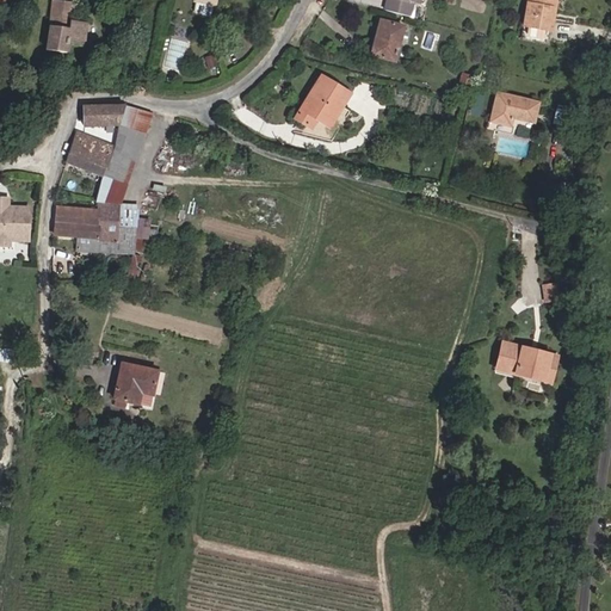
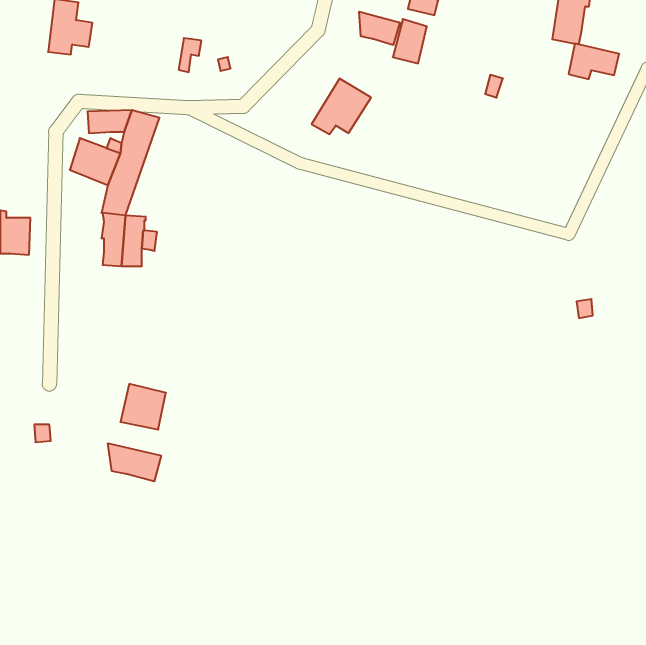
building: none -> [359,12,400,45]
building: [492,91,539,124] -> [569,44,619,79]
building: [55,205,99,249] -> none
building: [496,340,558,382] -> none
building: none -> [108,443,161,481]

